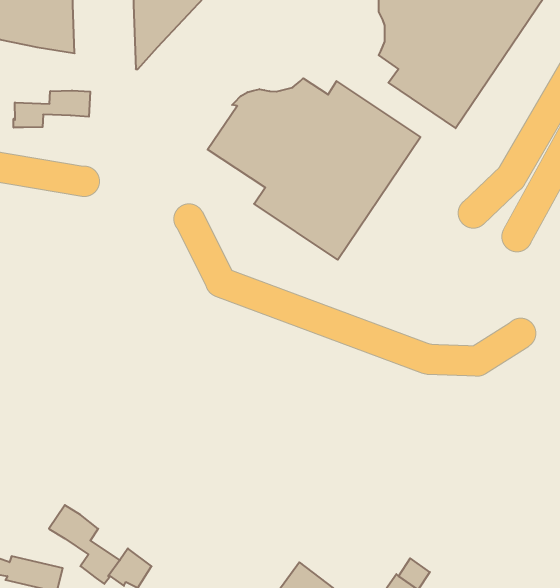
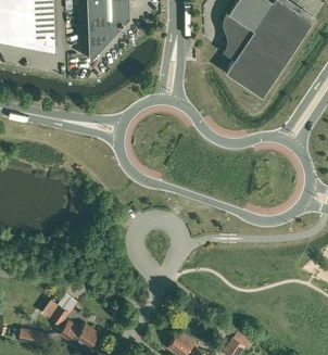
building: [208,78,420,260] -> none
building: [14,90,90,128] -> none

